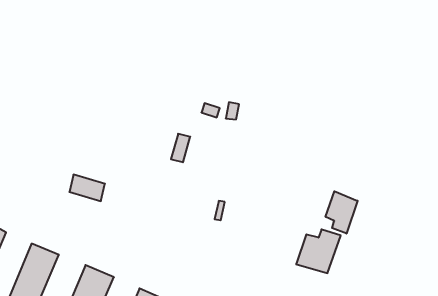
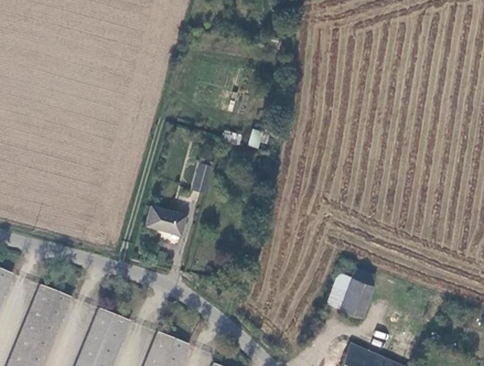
building: [69,175,105,201] -> [147,207,185,236]
building: [326,191,358,234] -> none

